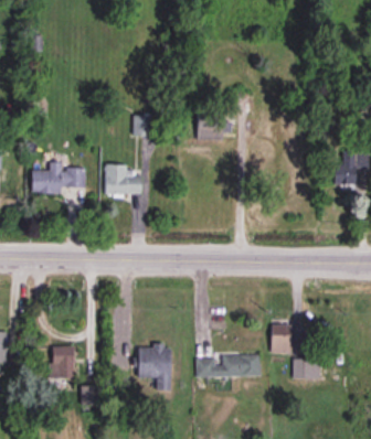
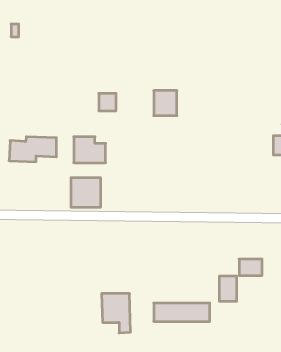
building: none -> [71,178,100,207]
building: [51,346,74,377] -> none
building: [294,360,320,378] -> [239,259,262,275]

